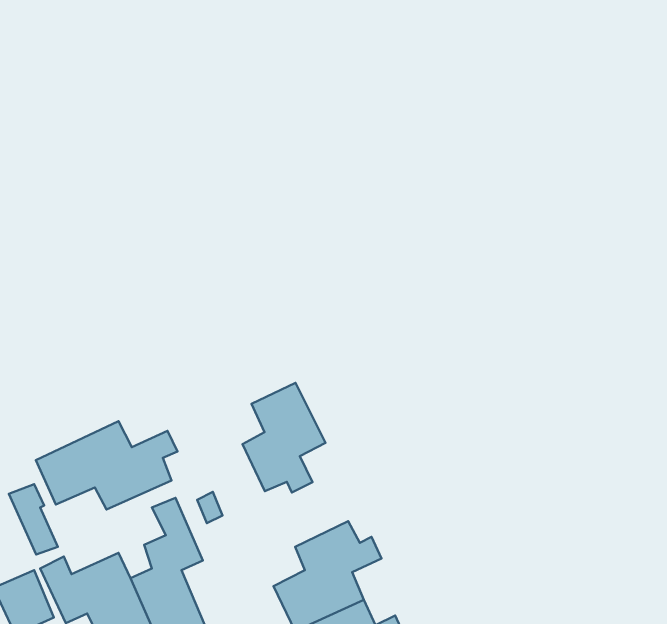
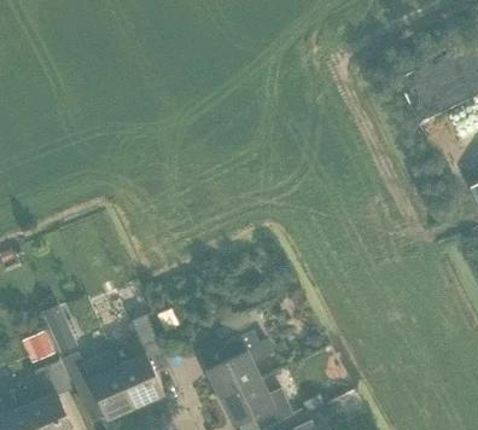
building: [242,383,325,492] -> none
building: [36,421,178,510] -> none

